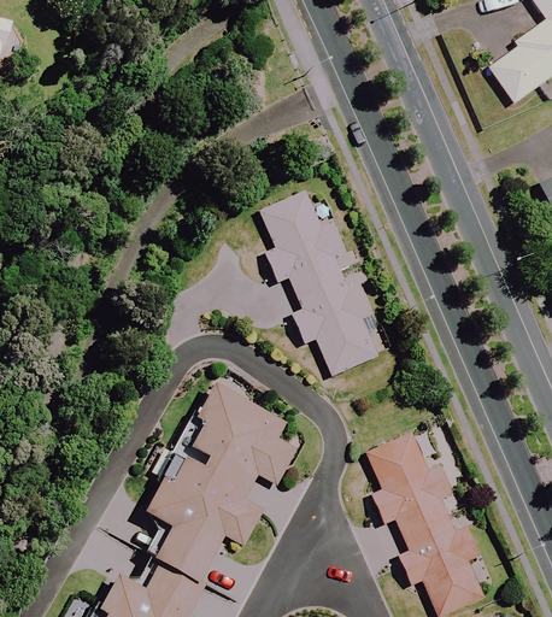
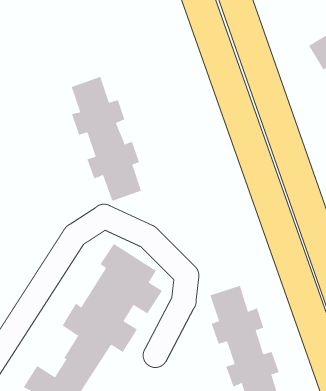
building: [262,190,378,375] -> [71,76,142,202]

